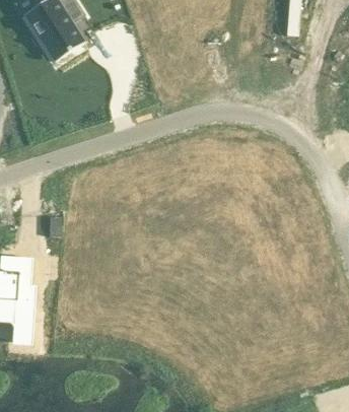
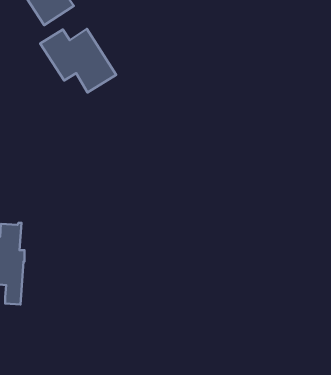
building: none -> [40,29,116,93]

